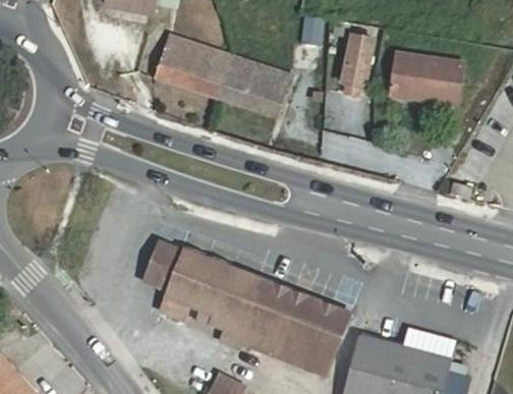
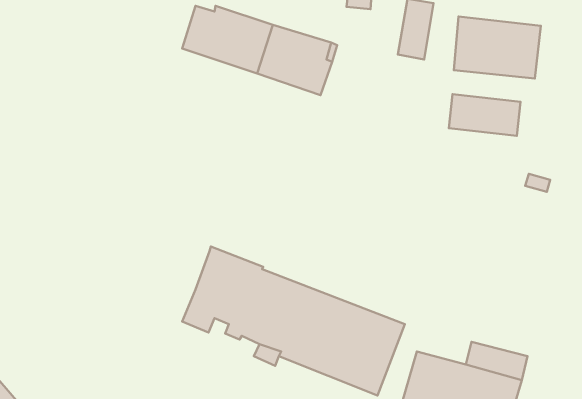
building: none -> [449,94,520,136]
building: [148,243,182,284] -> none

